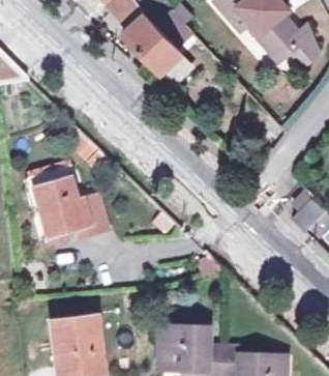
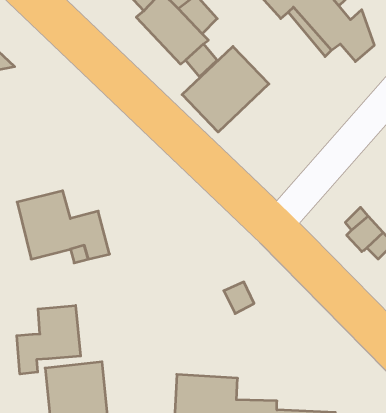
building: none -> [182,46,269,132]
building: none -> [17,305,81,374]

